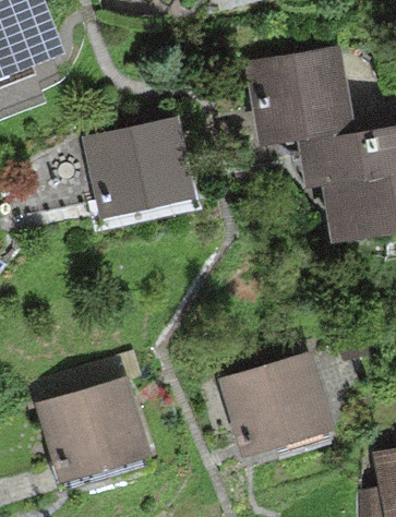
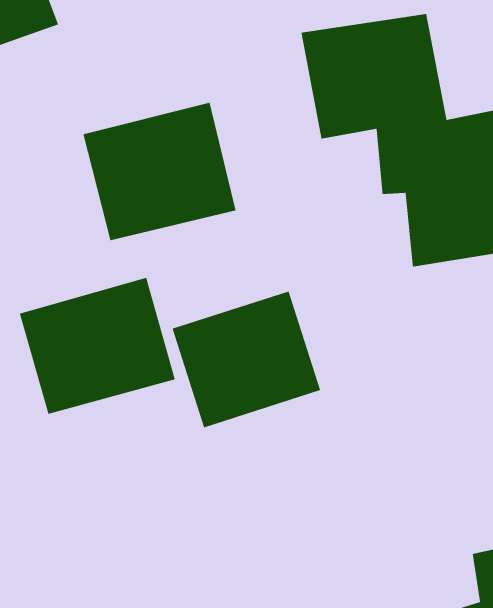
building: [221,354,334,458] -> [171,290,321,428]
building: [32,377,149,481] -> [19,277,176,415]

